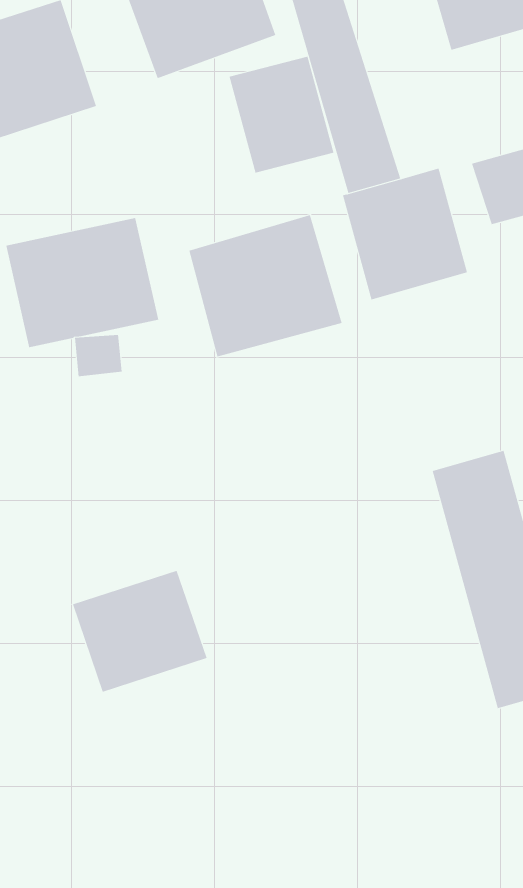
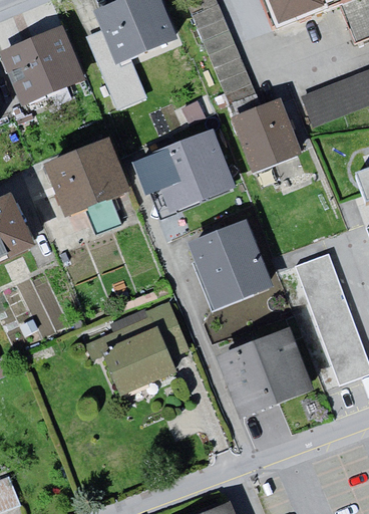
building: [229,56,334,174] -> none
building: none -> [183,213,273,306]
building: none -> [217,331,314,421]

